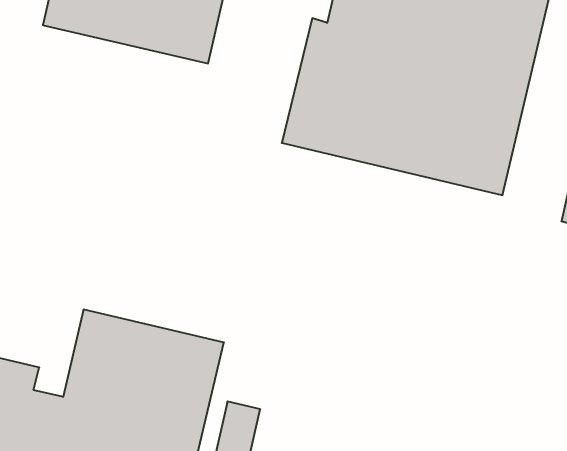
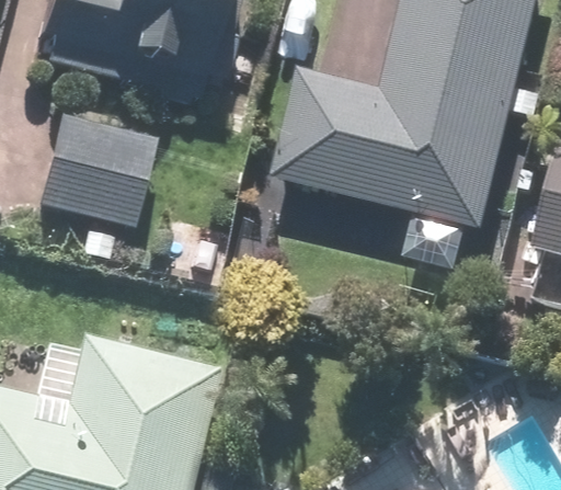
building: none -> [34,112,159,233]

